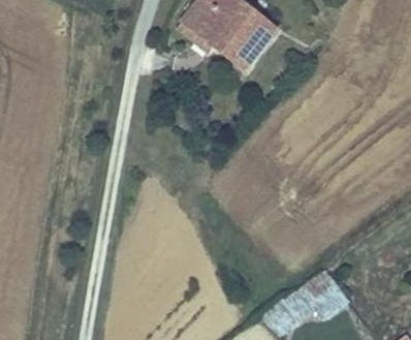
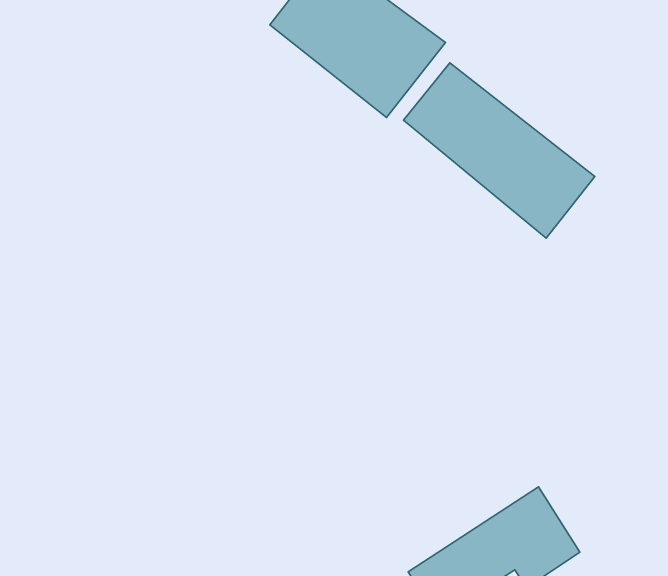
building: none -> [403,63,595,238]

